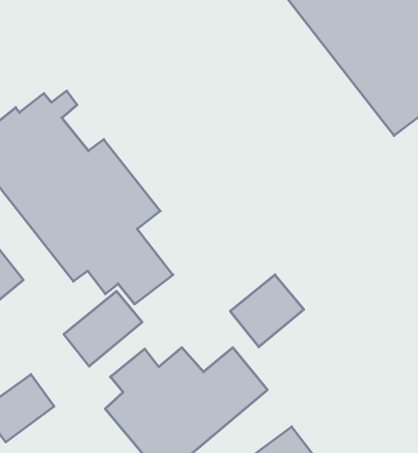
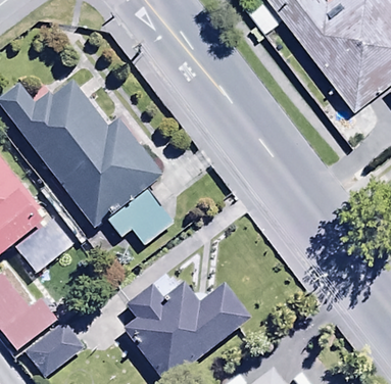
building: [230,275,304,347] -> none
building: [64,291,142,366] -> none

